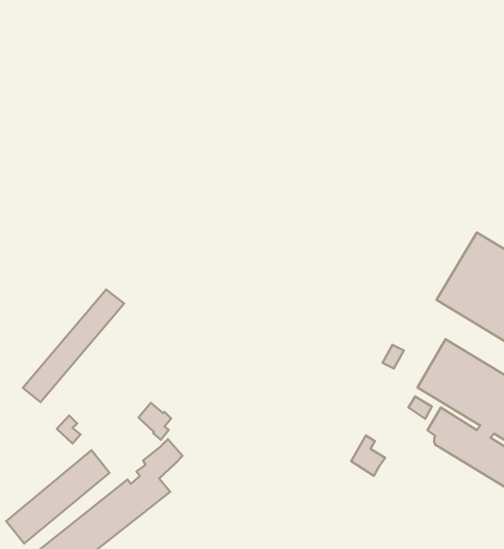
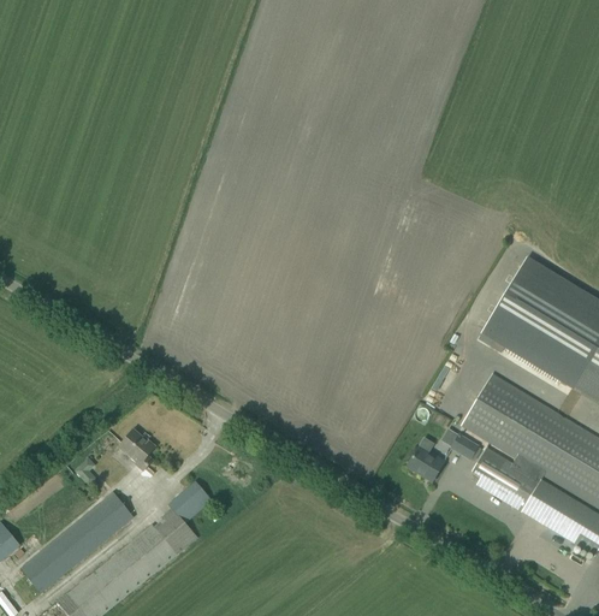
building: [23,289,124,402] -> none
building: [139,403,171,440] -> [119,430,154,469]
building: [351,435,385,476] -> [408,437,444,480]

